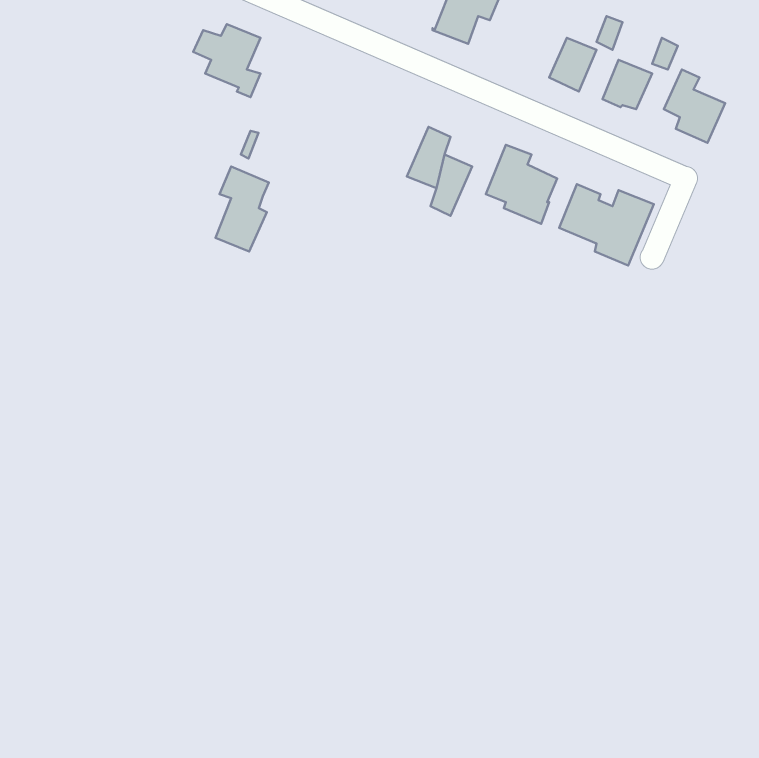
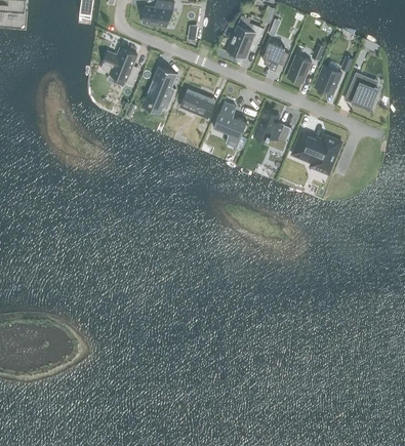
building: none -> [262,41,288,69]
building: none -> [179,88,215,119]
building: [215,167,269,252] -> [149,66,176,110]

